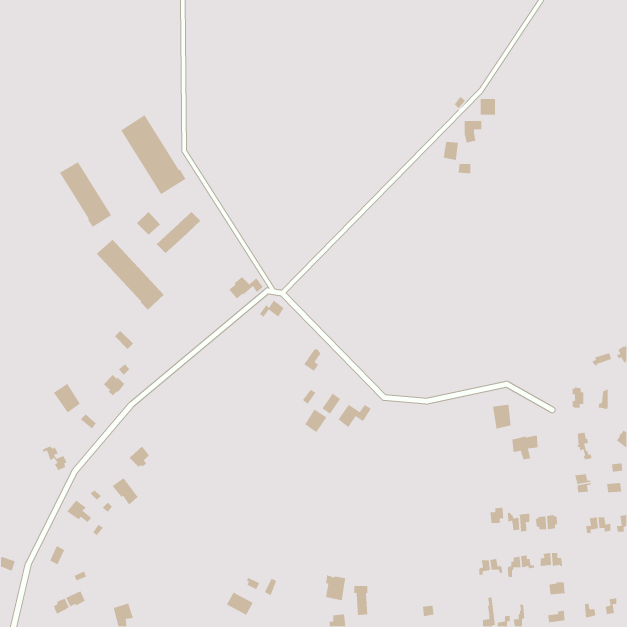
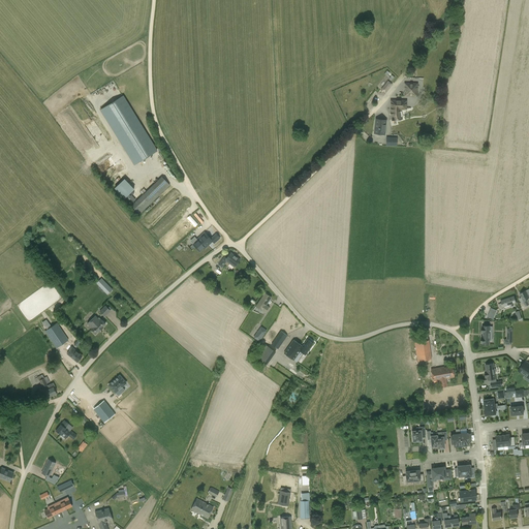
building: [59,161,112,228] -> none
building: [96,239,165,311] -> none

